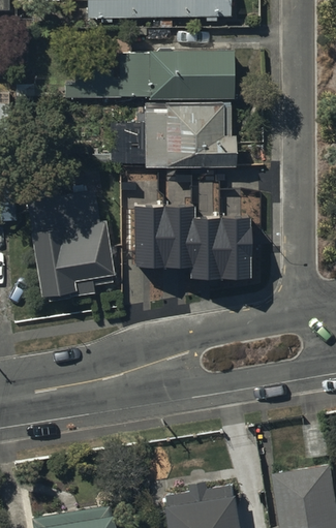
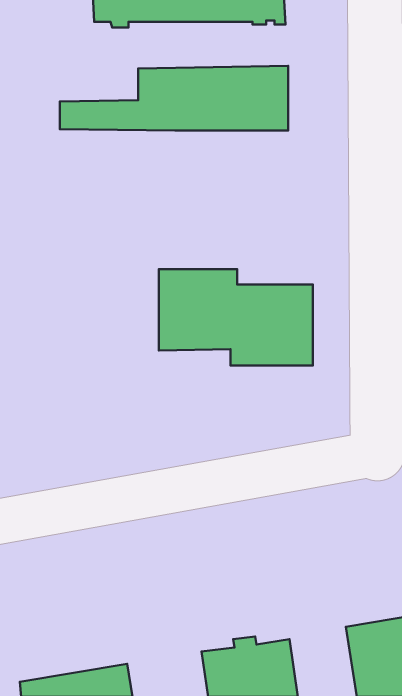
building: [111,105,236,169] -> none
building: [26,190,114,303] -> none

